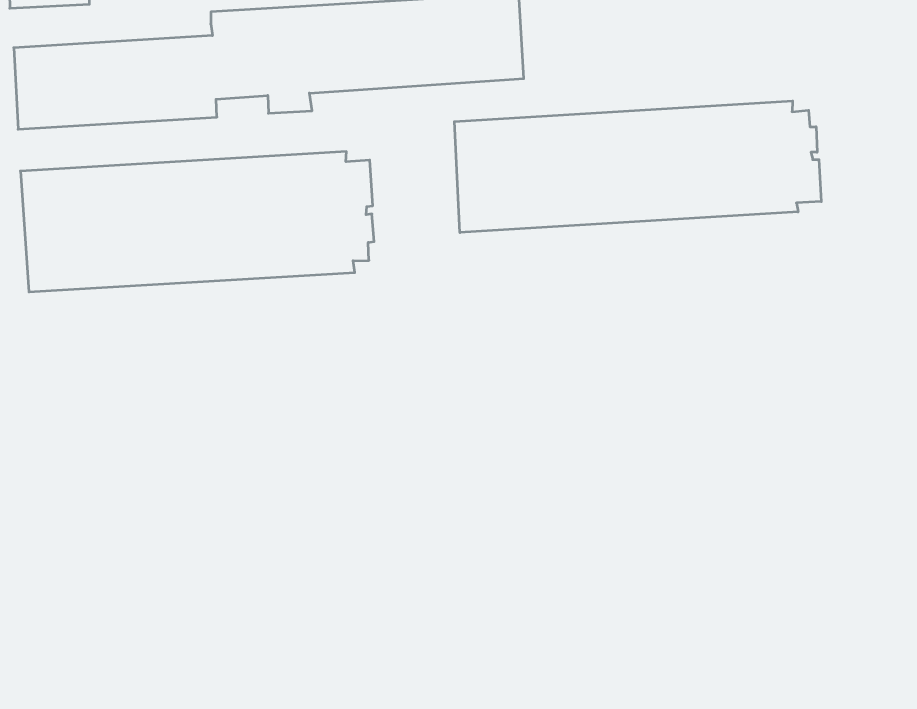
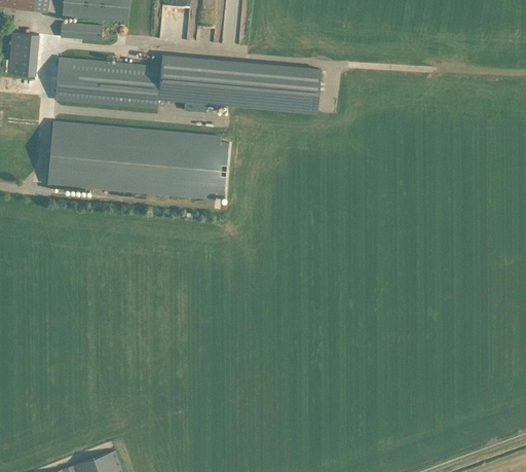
building: [454,101,821,233] -> none

